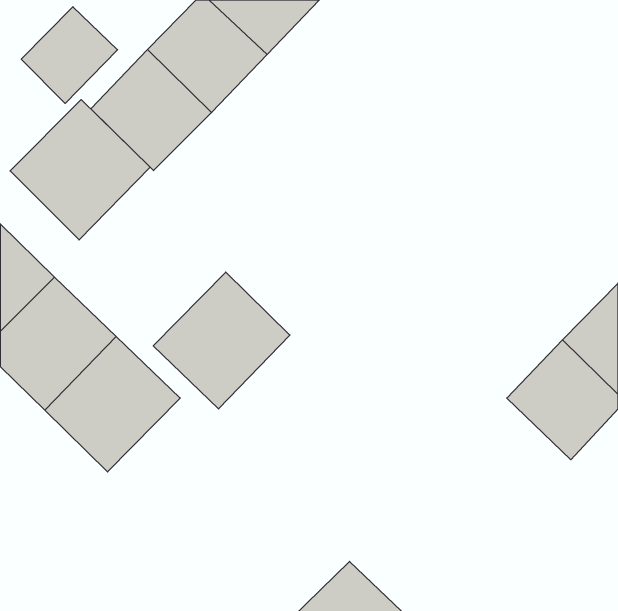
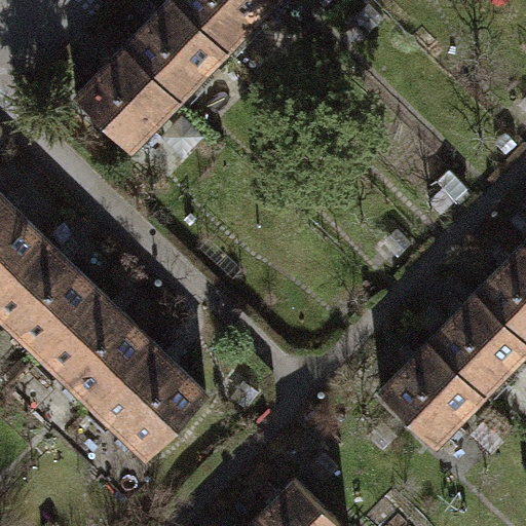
building: [21,7,118,103] -> none
building: [10,100,150,240] -> none
building: [153,272,290,409] -> [91,344,208,460]
building: none -> [381,344,485,447]

